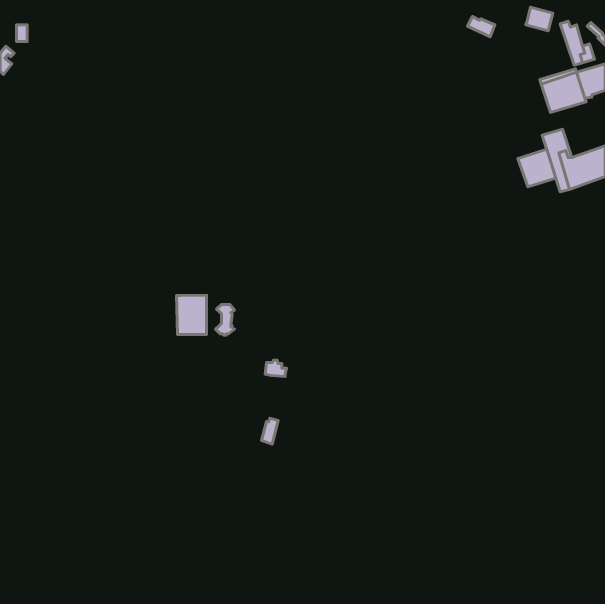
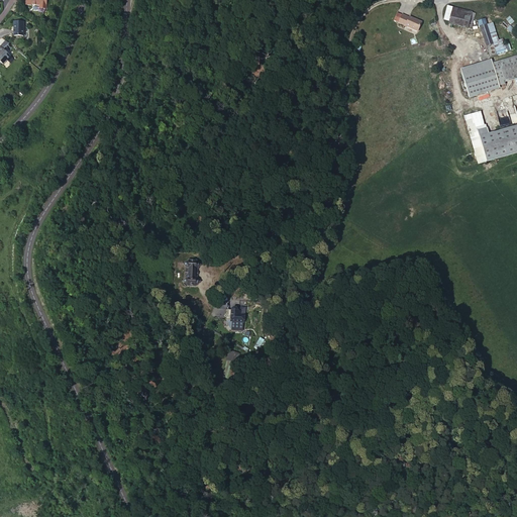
building: [518,149,556,187] -> none
building: [176,295,207,334] -> none

